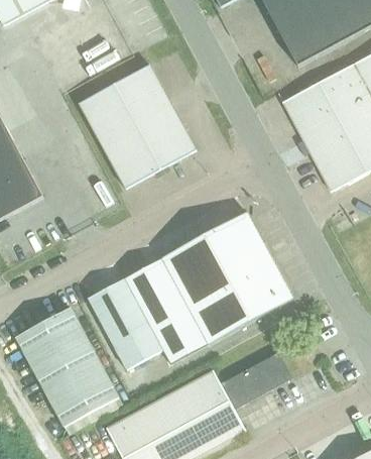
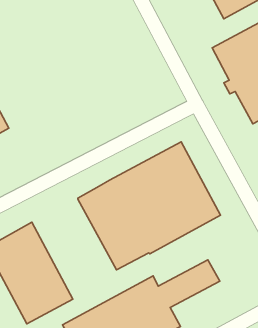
building: [79,65,196,188] -> none
building: [88,278,162,369] -> none

